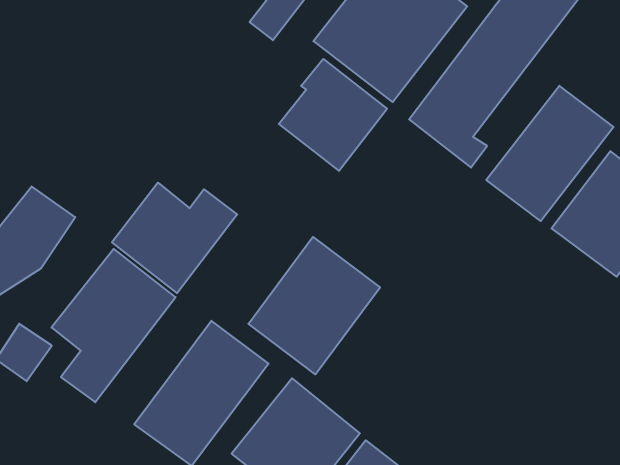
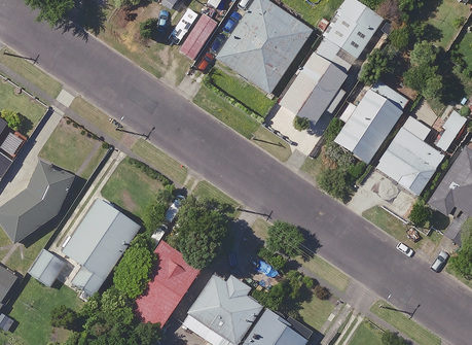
building: [279,59,387,171] -> none
building: [112,183,237,293] -> none
building: [248,237,380,374] -> none

